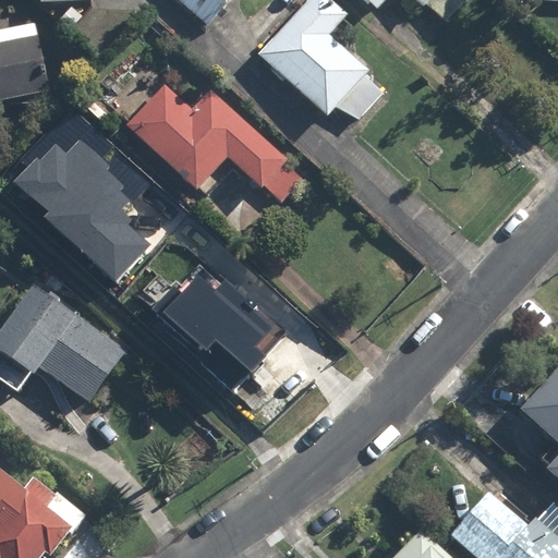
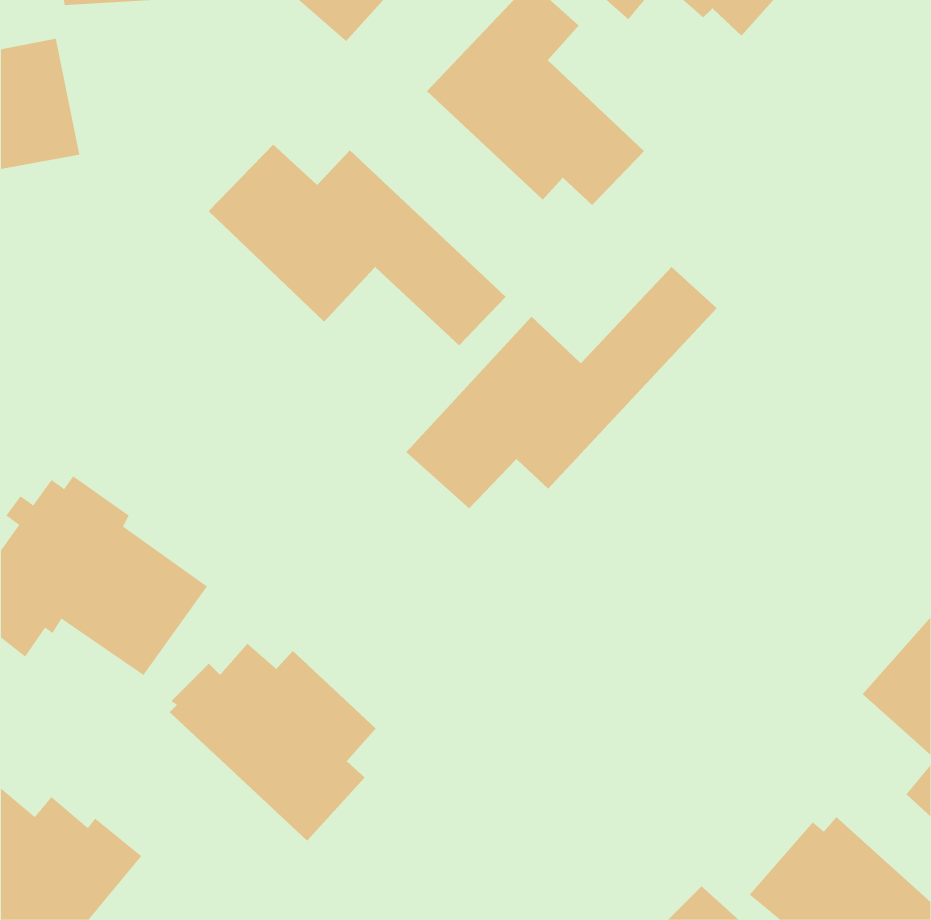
building: [13,132,148,274] -> none
building: none -> [405,266,718,509]
building: [150,268,275,387] -> [169,643,377,841]

